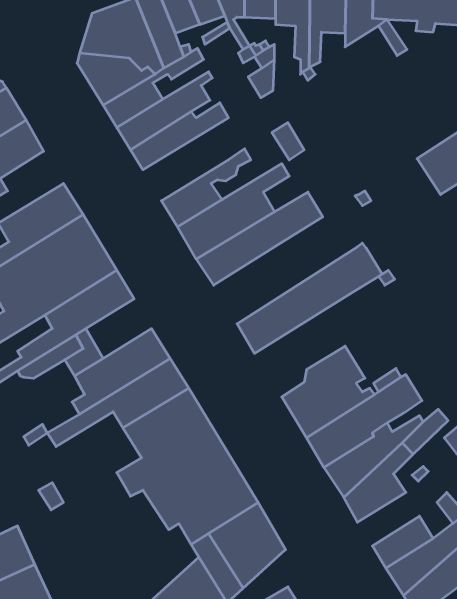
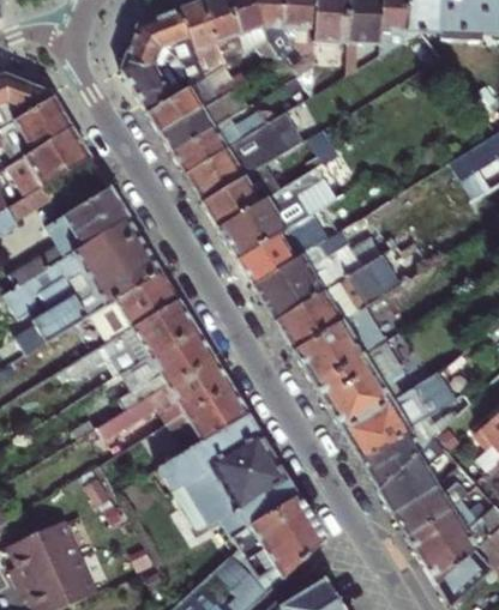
building: none -> [186,107,303,204]
building: none -> [254,230,393,322]
building: none -> [294,294,392,393]
building: none -> [131,298,194,356]
building: none -> [393,485,453,537]

